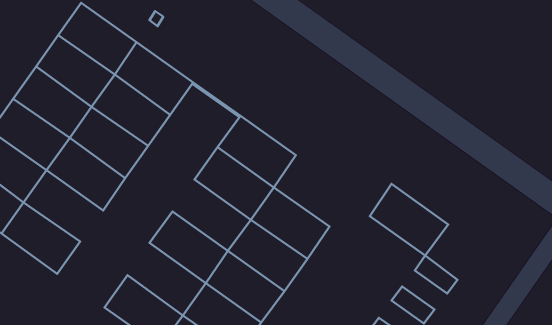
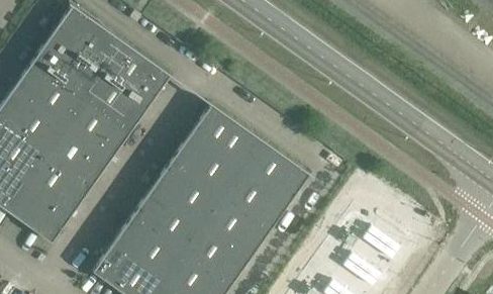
building: none -> [21,153,91,215]
building: none -> [152,161,220,223]
building: [370,184,448,255] -> [240,139,309,202]
building: none -> [112,216,181,280]

